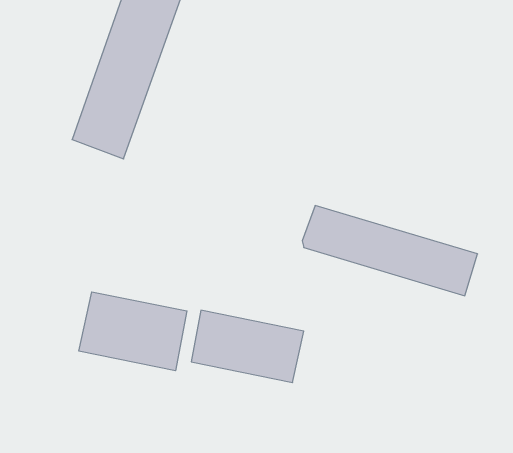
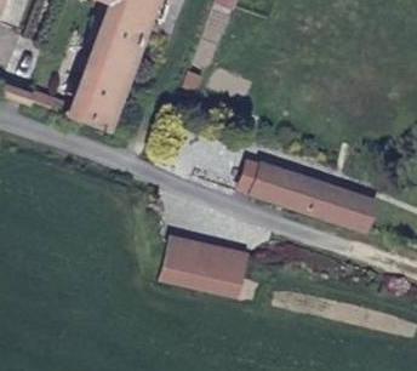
building: [79,292,187,371] -> none

